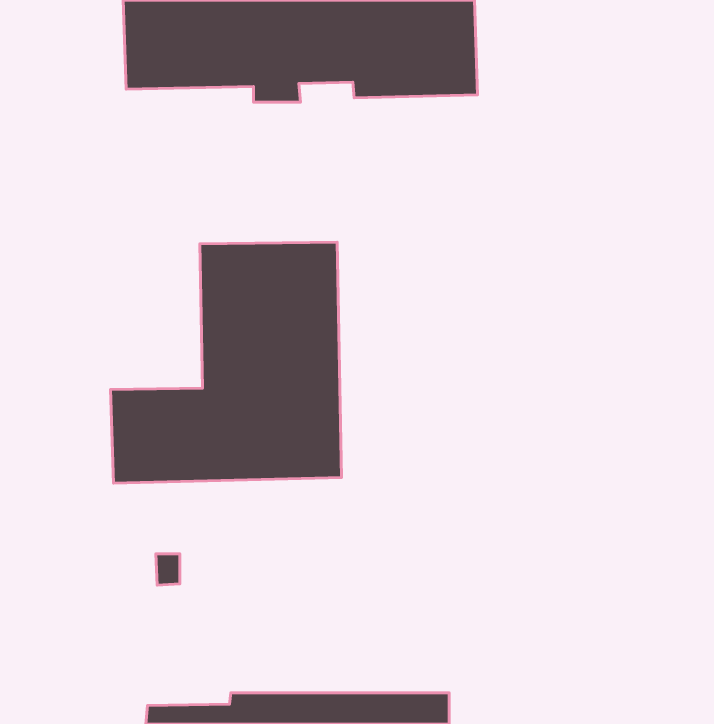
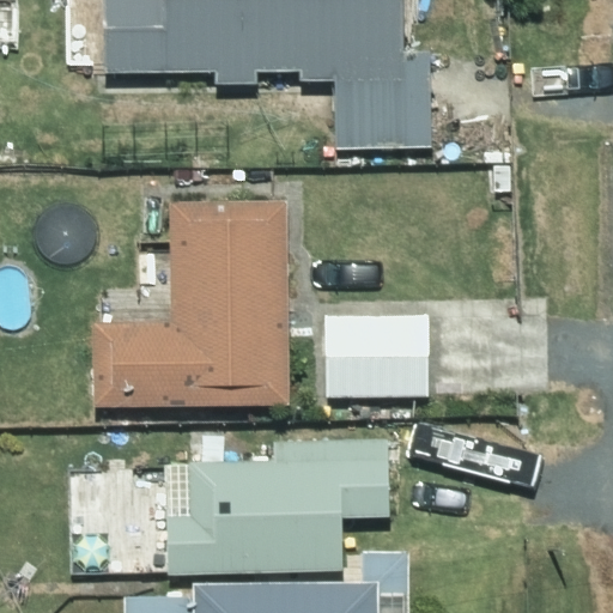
building: none -> [322,316,427,396]
building: none -> [168,433,389,573]

